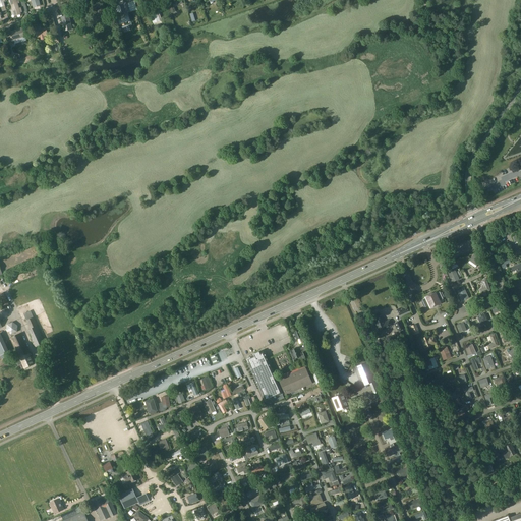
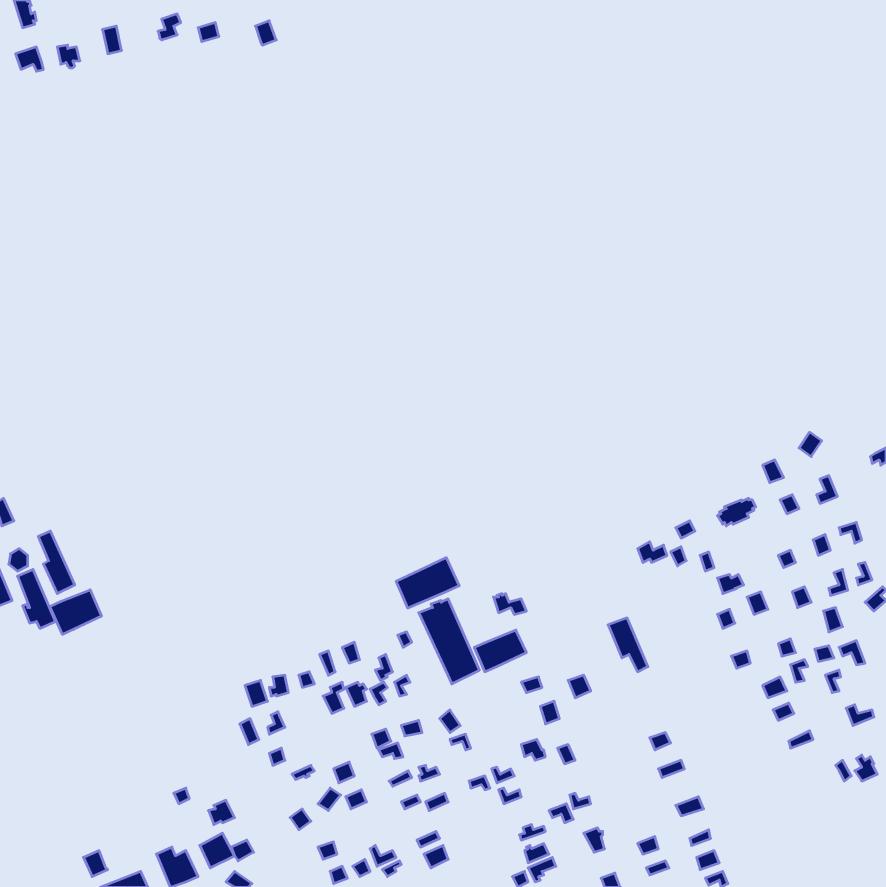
building: none -> [396,558,459,608]
building: none -> [50,590,101,634]

